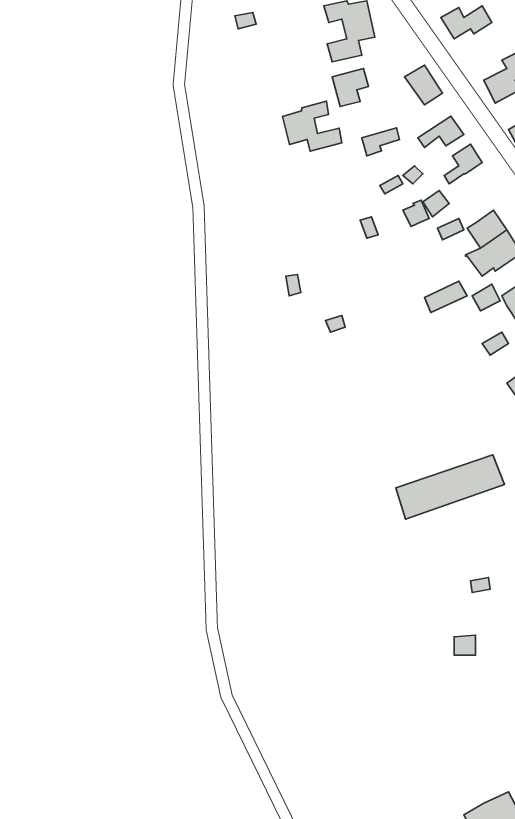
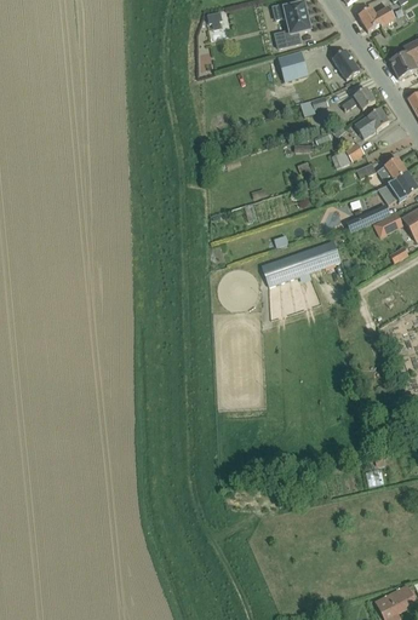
building: [282,101,342,151] -> none
building: [396,455,505,519] -> [262,240,342,287]

